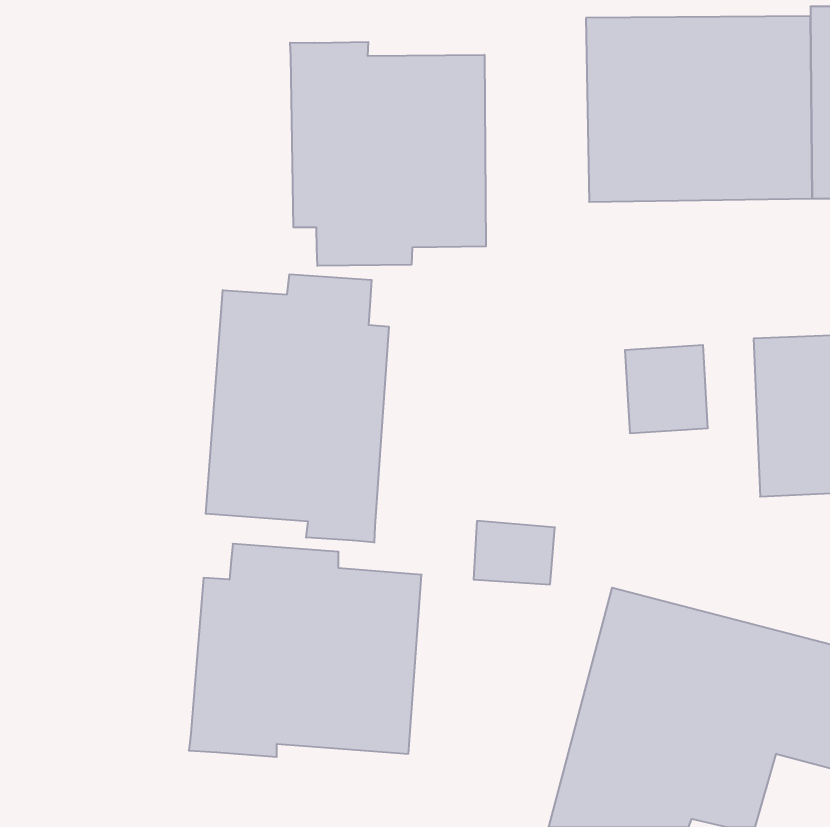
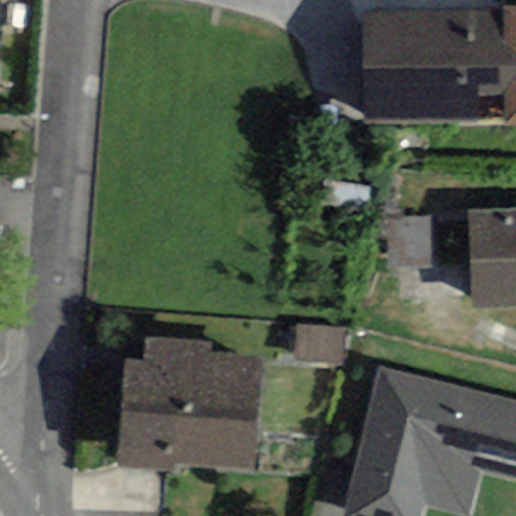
building: [290,42,486,266] -> none
building: [206,274,389,543] -> none

